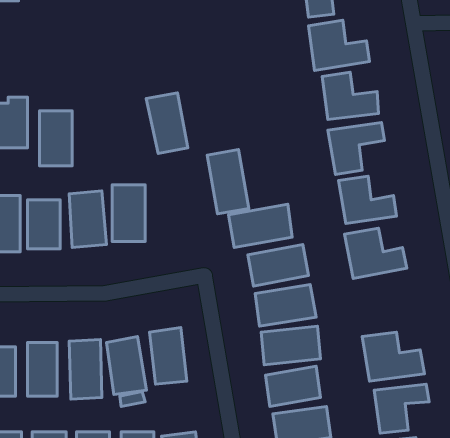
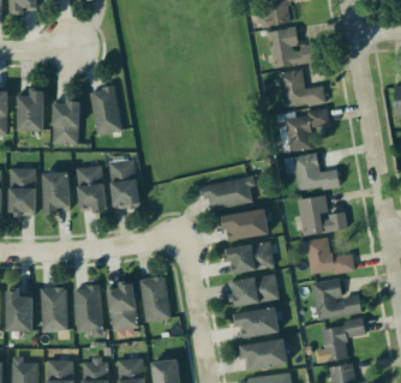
building: [146,93,188,154] -> [89,86,122,136]
building: [207,150,249,214] -> none
building: none -> [310,239,355,276]

